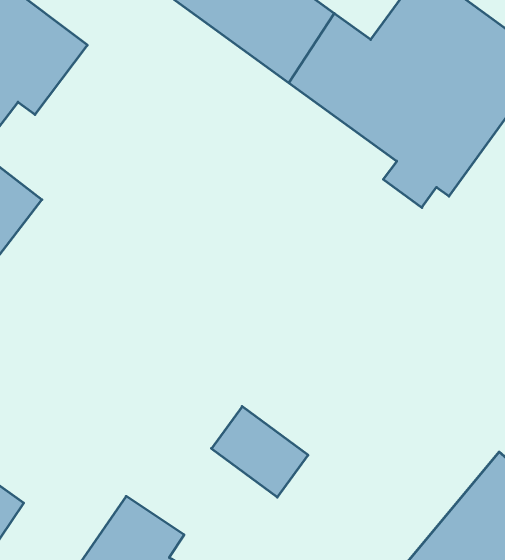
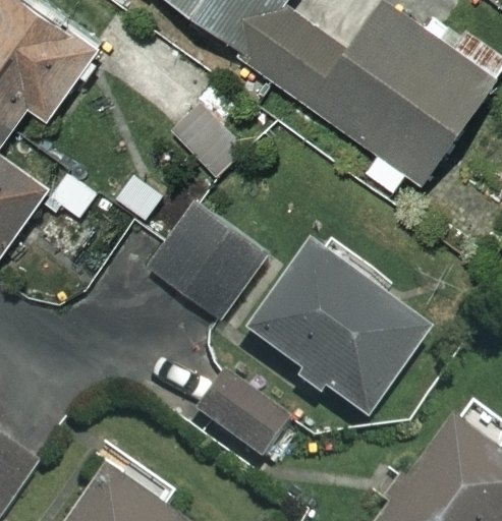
building: none -> [149,201,265,316]
building: none -> [250,229,428,417]

